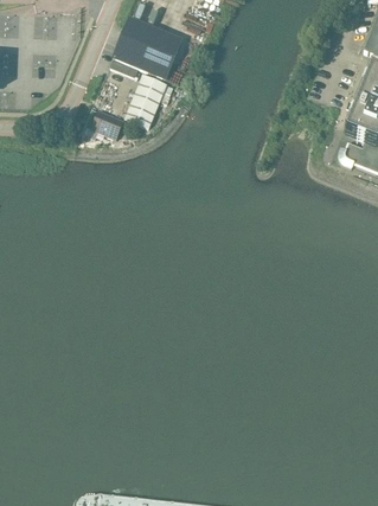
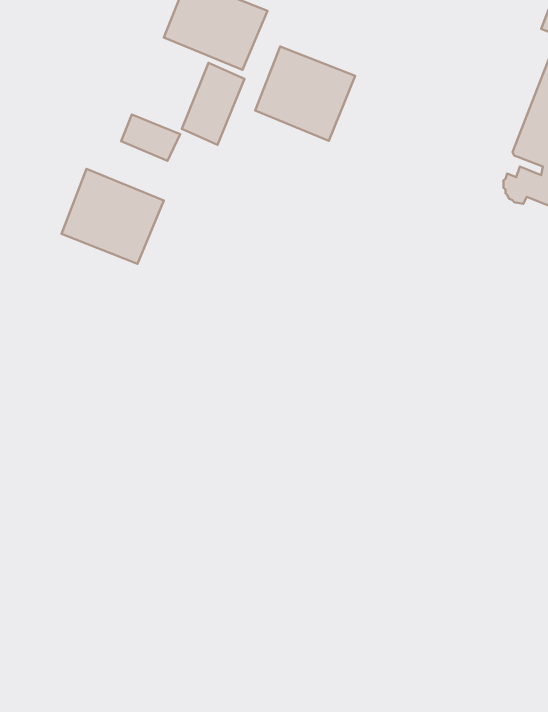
building: none -> [255,47,355,141]
building: none -> [61,169,164,264]

